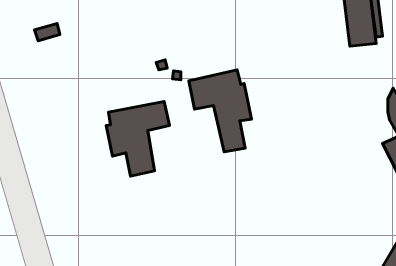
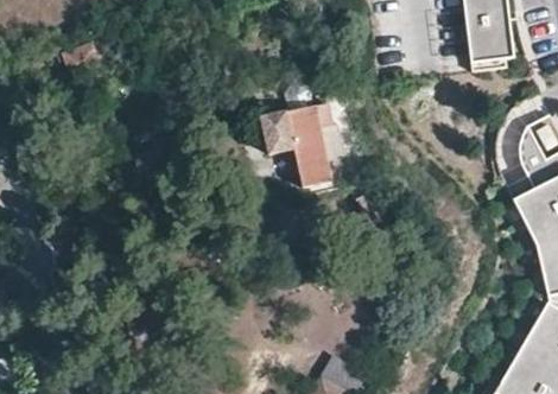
building: [106,102,170,176] -> none

